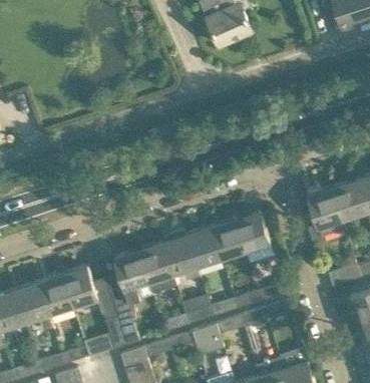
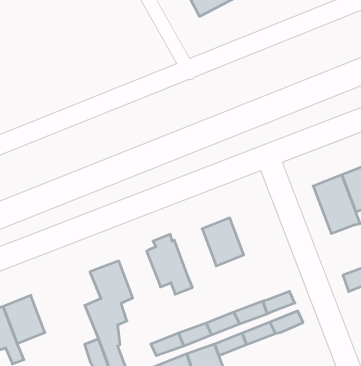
building: [235,210,274,264] -> none
building: [187,226,221,266] -> none
building: [138,242,176,293] -> none
building: [62,266,97,306] -> none

